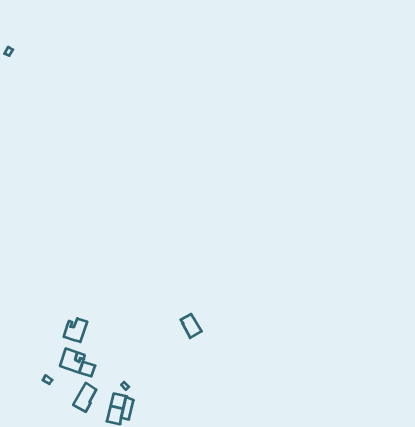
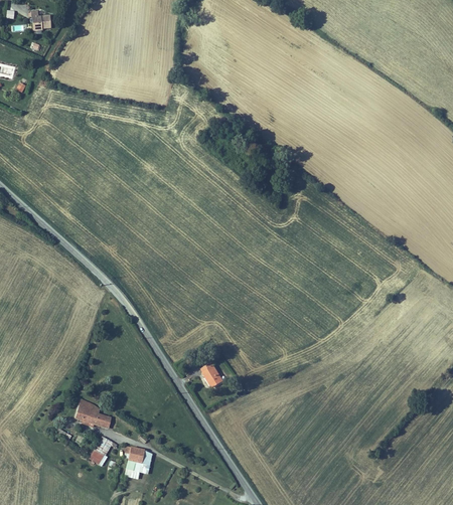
building: [64,318,87,342] -> none

